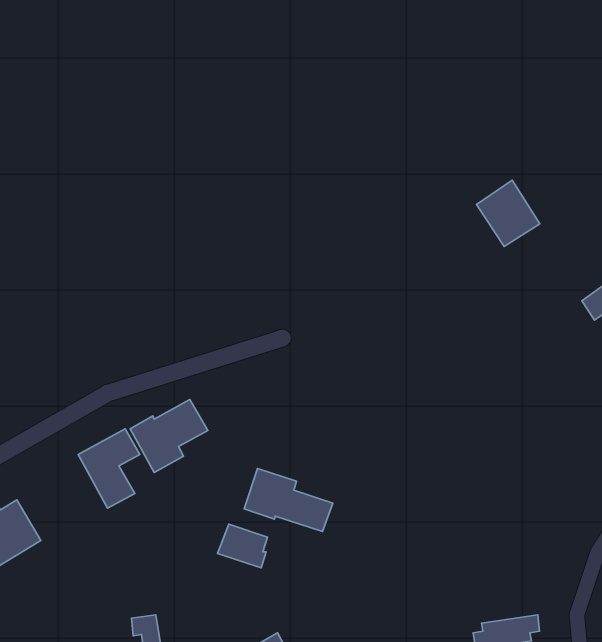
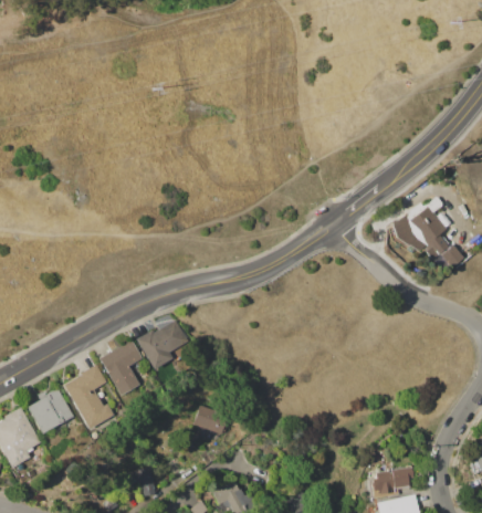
building: [477,180,540,247] -> [407,207,450,252]
building: none -> [64,364,115,432]
building: [244,468,333,532] -> none

